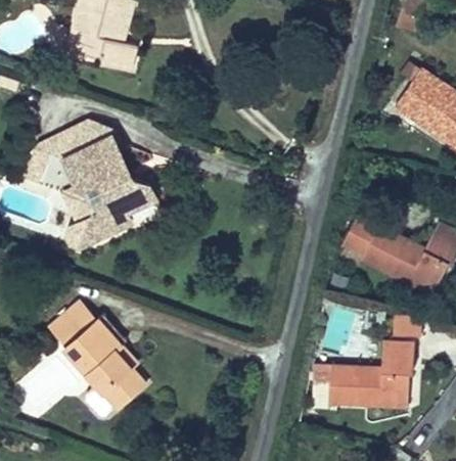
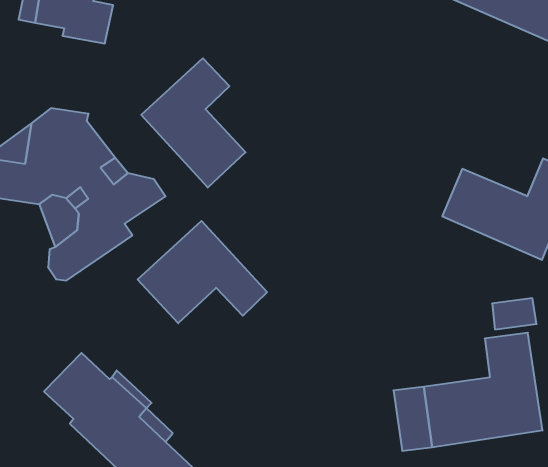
building: none -> [141,58,246,188]
building: none -> [138,221,267,323]

